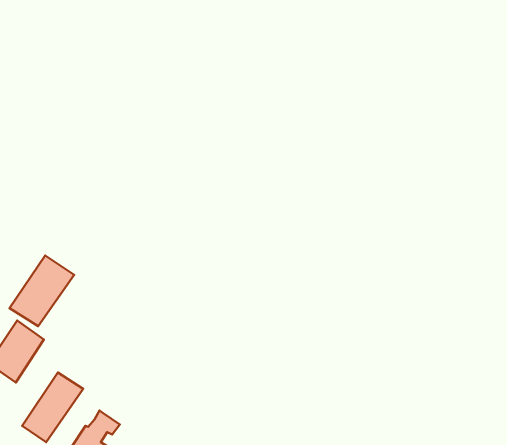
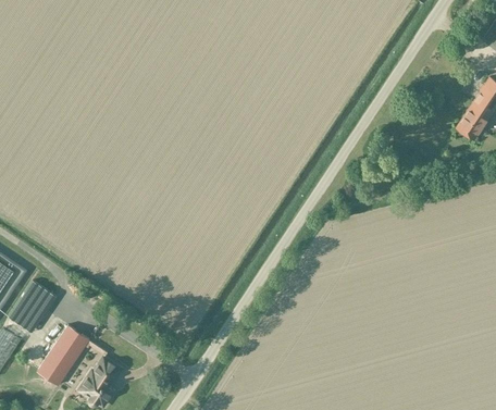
building: [9,255,74,326] -> none

